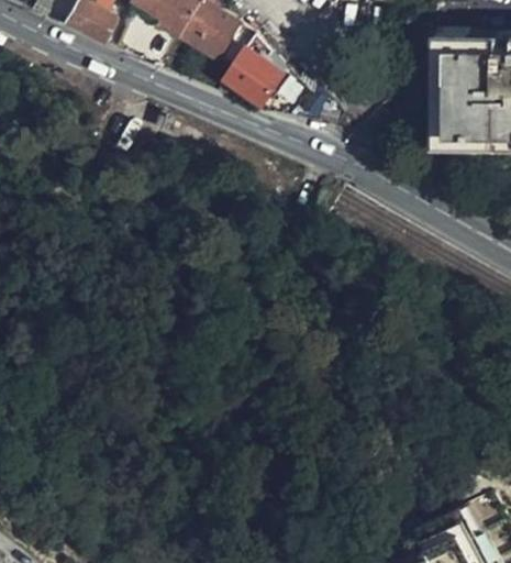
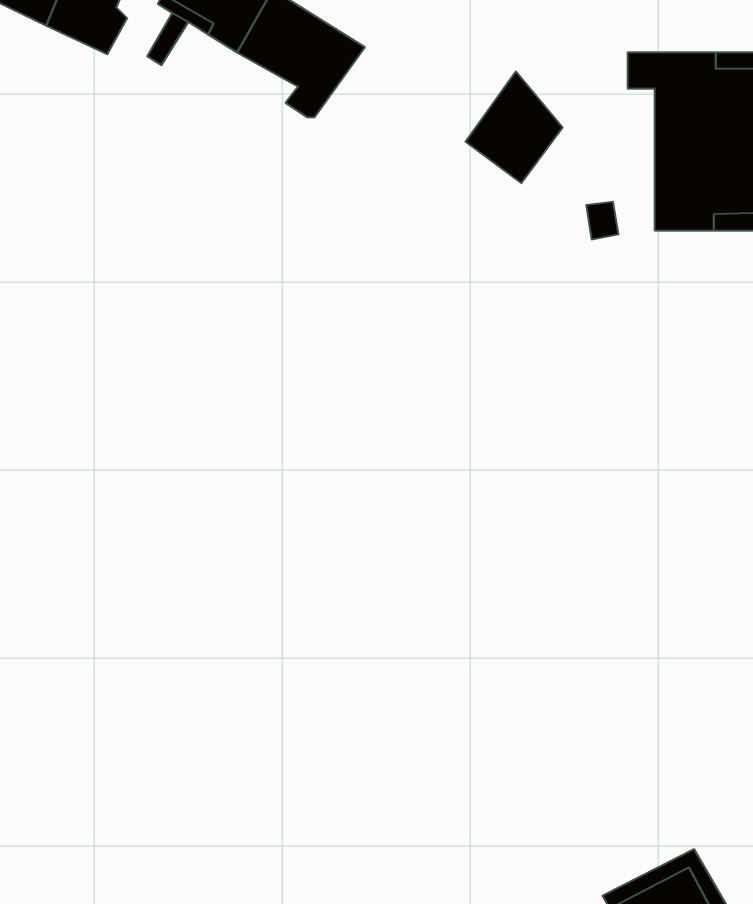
building: [229,35,288,103] -> [465,72,563,183]

